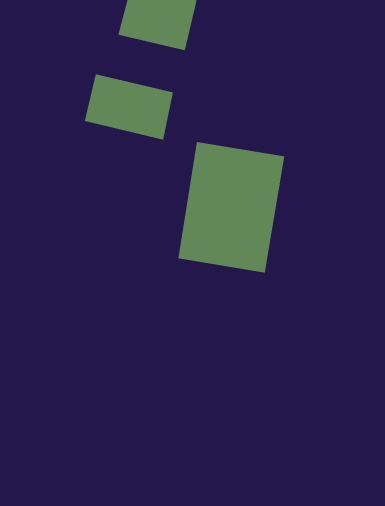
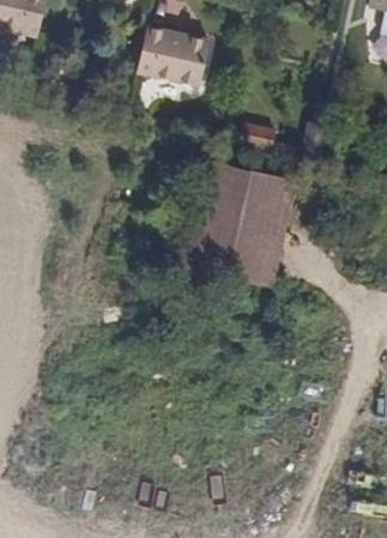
building: [84,74,173,140] -> none

